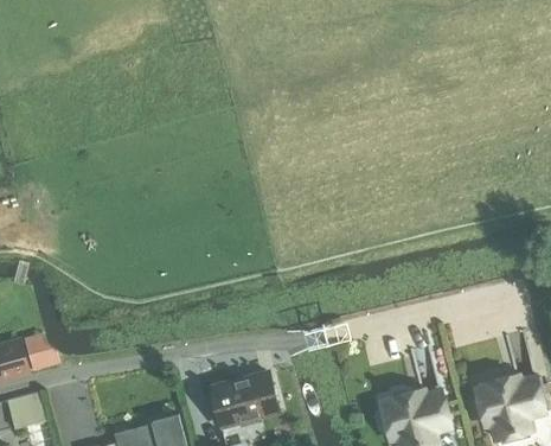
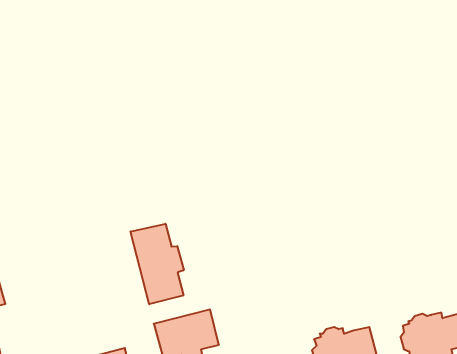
building: none -> [131,224,184,304]

